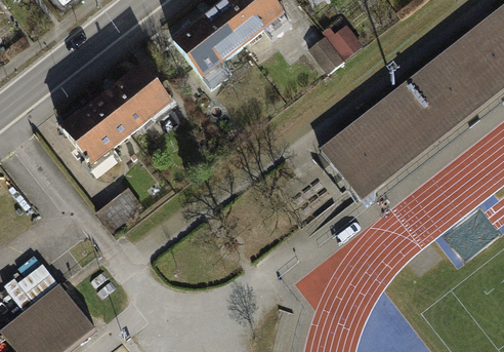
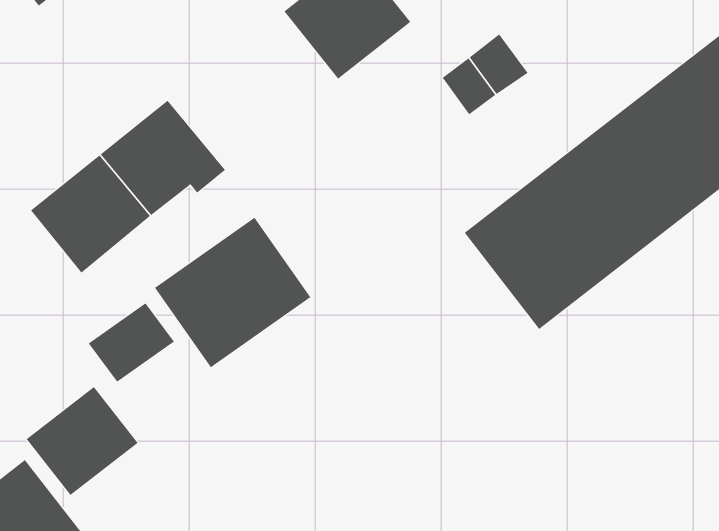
building: [172,7,245,80] -> none
building: none -> [154,217,311,368]
building: none -> [26,386,138,496]

